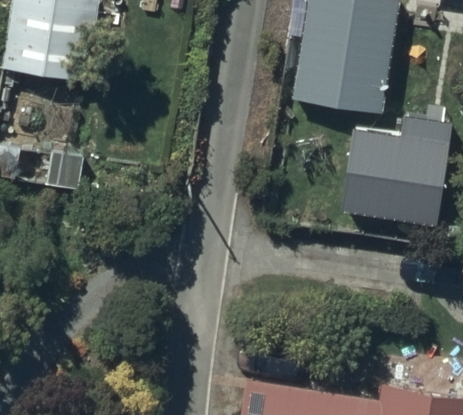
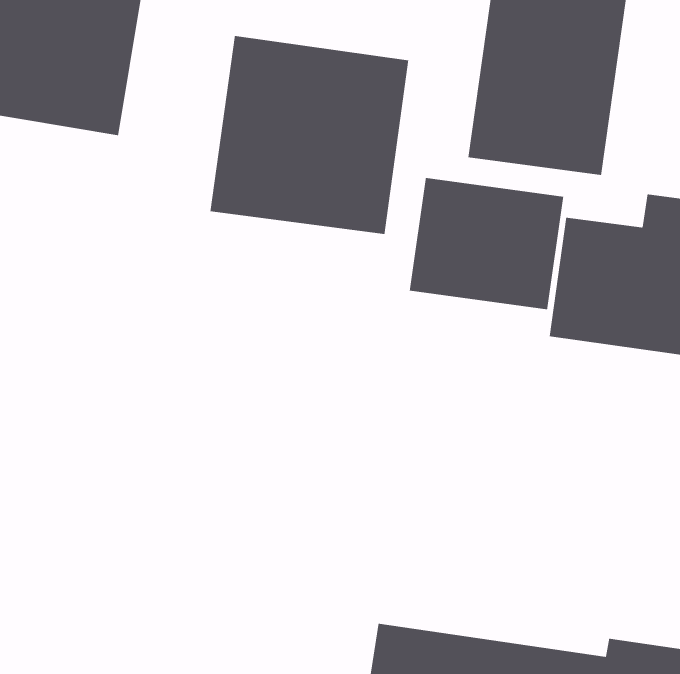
building: none -> [210,35,409,235]
building: none -> [409,177,564,310]

